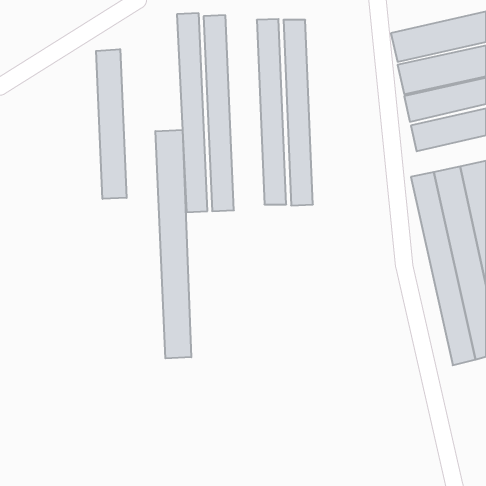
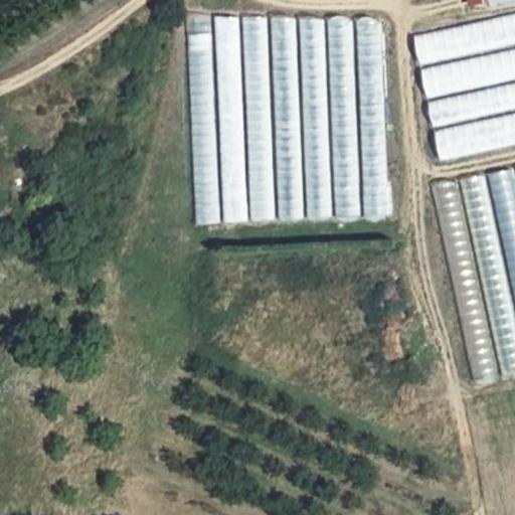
building: none -> [243,17,275,220]
building: none -> [329,20,360,216]
building: none -> [359,20,388,213]
building: [96,49,127,199] -> none
building: [155,130,191,358] -> none

